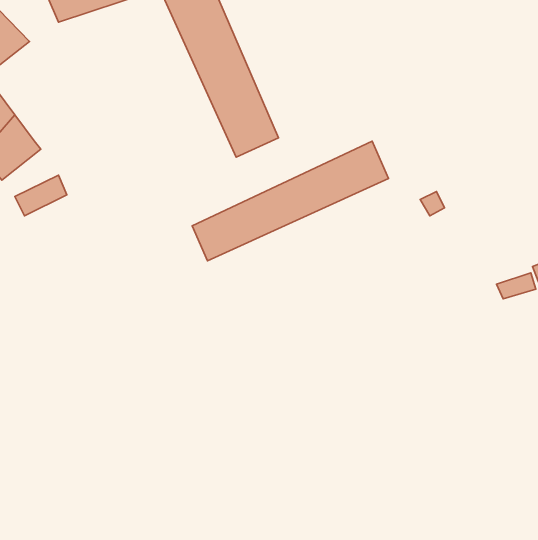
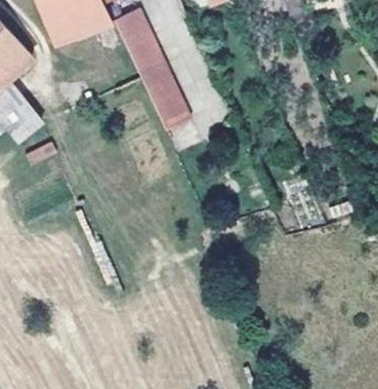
building: [192,141,389,261] -> none

